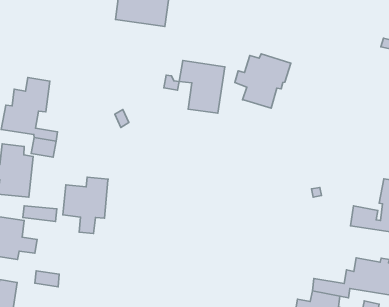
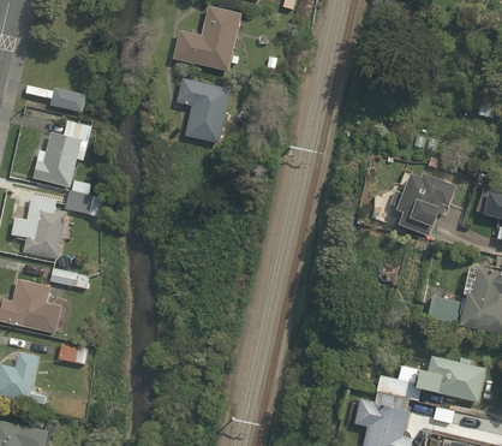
building: none -> [49,88,86,113]
building: [235,54,291,108] -> [389,172,455,236]
building: [179,61,225,113] -> [175,78,229,142]
building: [63,177,108,233] -> none

